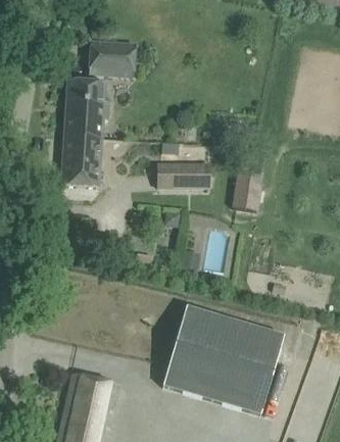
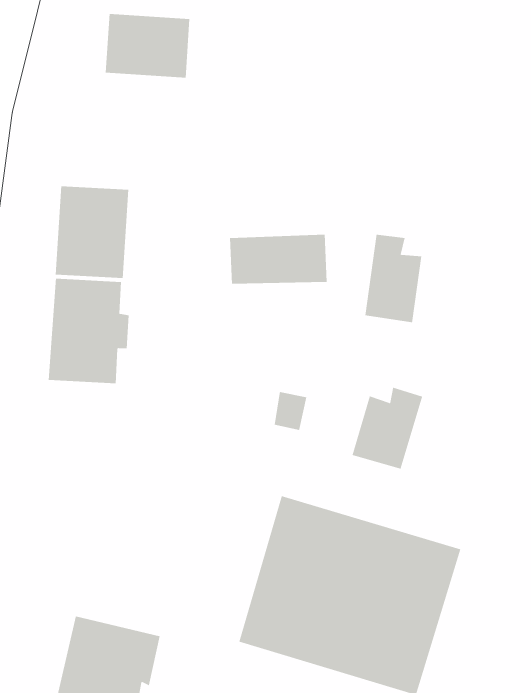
building: [63,78,108,136] -> [48,278,129,384]
building: none -> [352,387,423,469]

